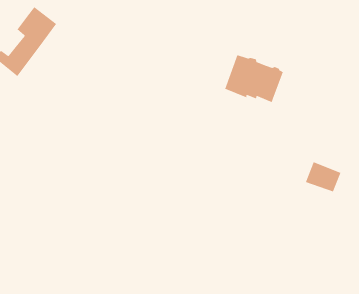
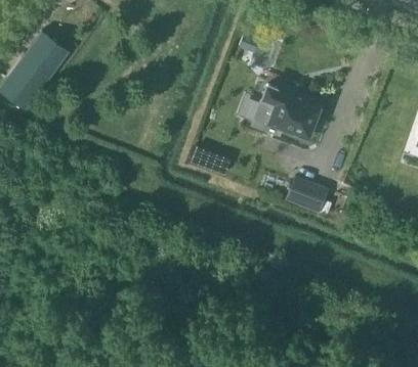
building: [305,161,342,193] -> [286,177,327,212]

